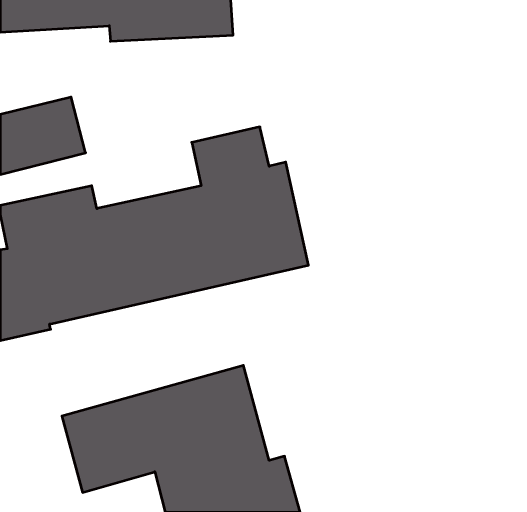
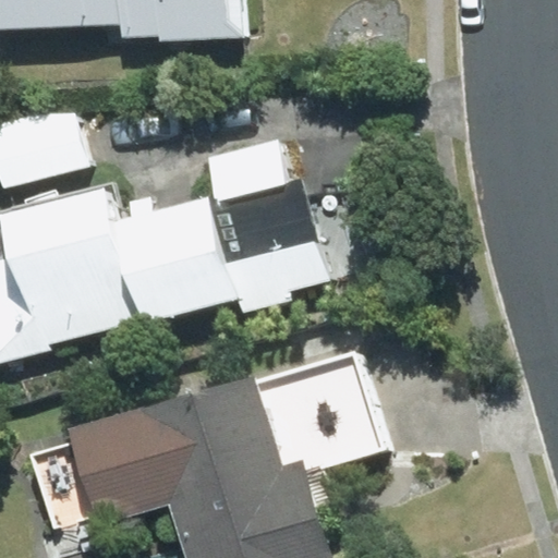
building: none -> [283,354,385,473]

